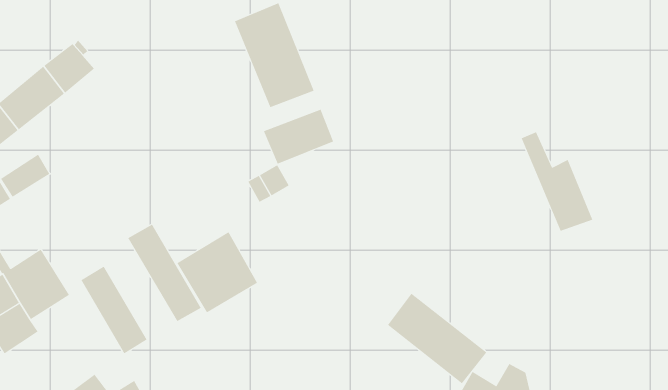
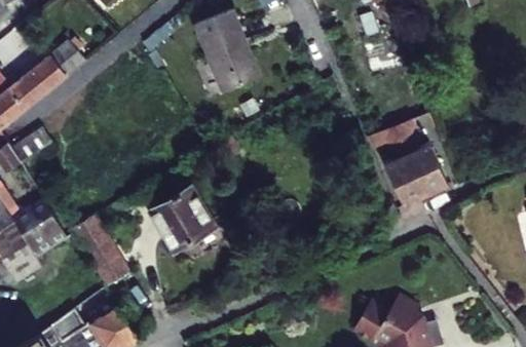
building: [263,109,334,165] -> none
building: none -> [380,119,441,202]
building: [128,224,202,322] -> none
building: [387,293,487,384] -> none

